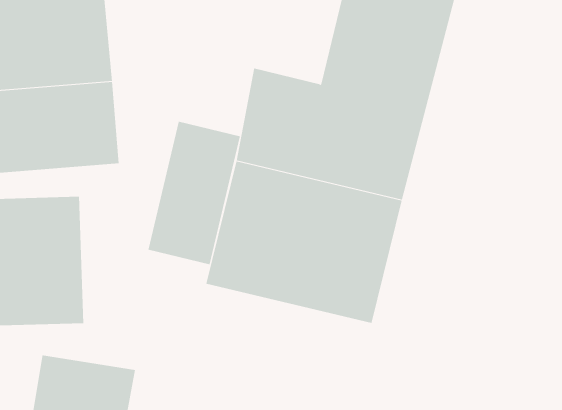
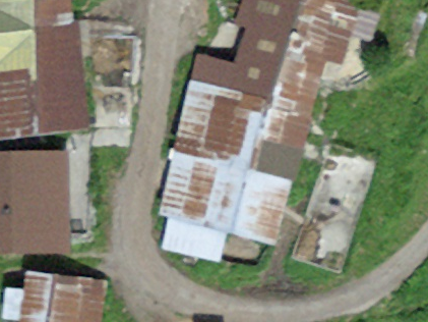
building: [148,121,240,265] -> none

